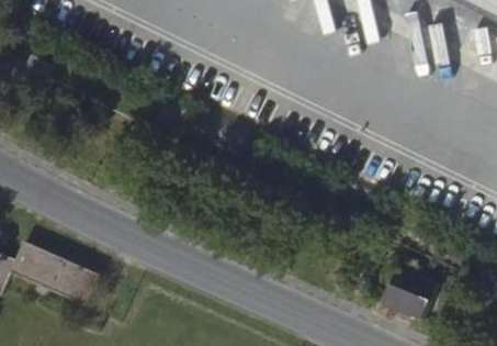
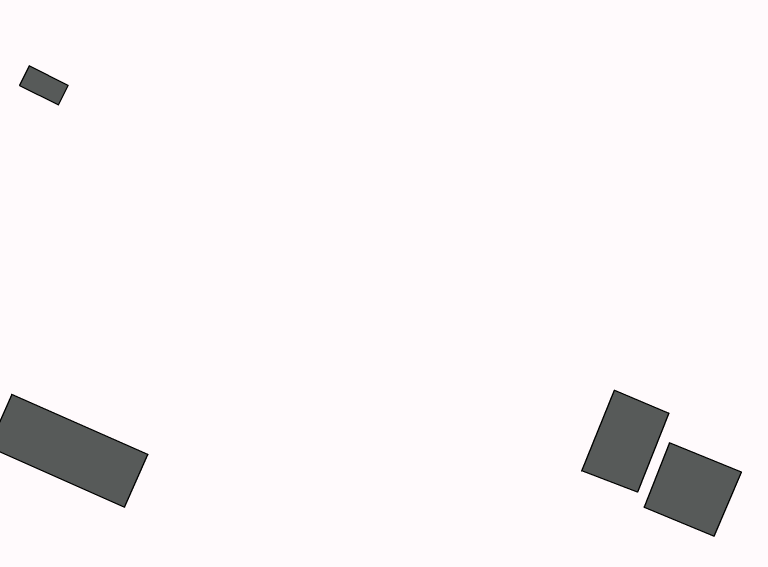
building: none -> [582,390,669,492]

